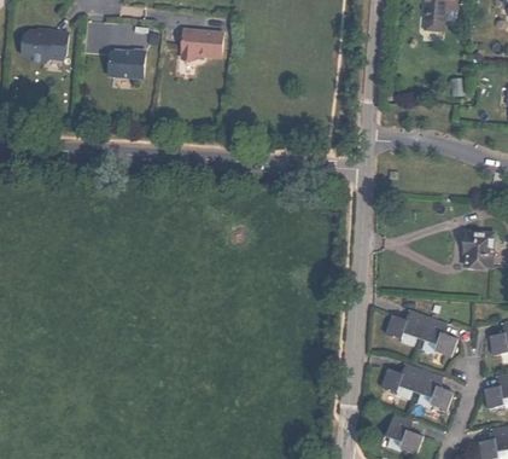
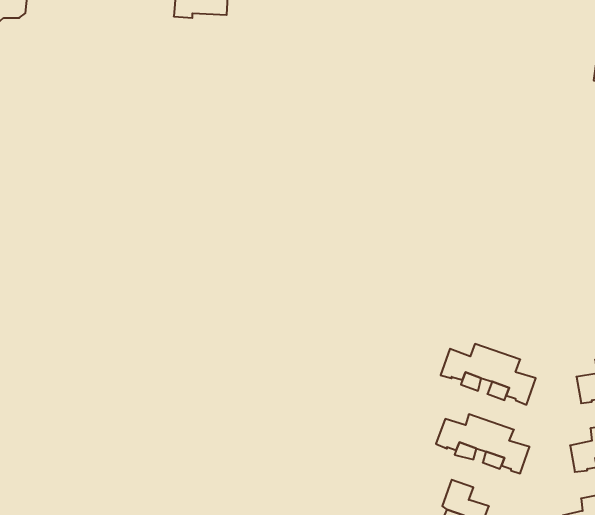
building: [107,48,145,76] -> none
building: [463,232,494,267] -> none

